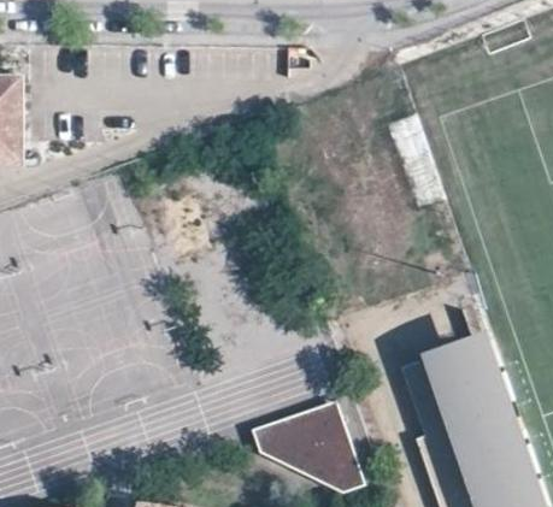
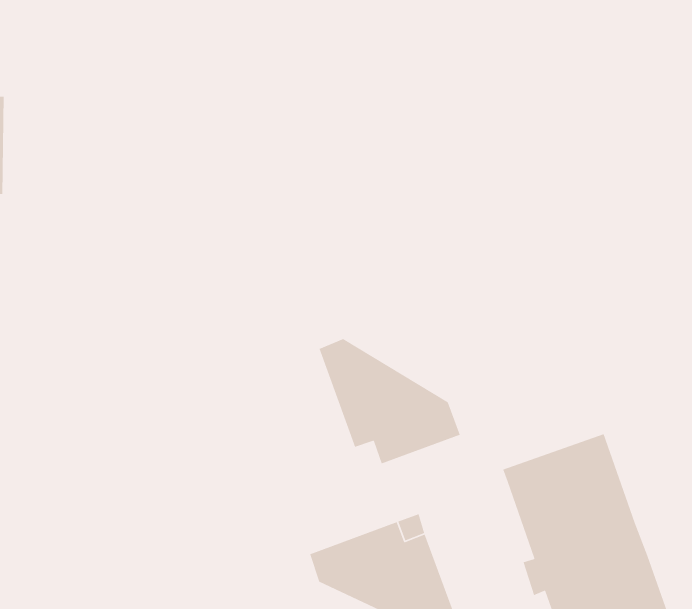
building: none -> [319,338,461,465]

